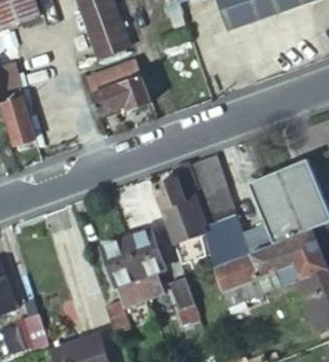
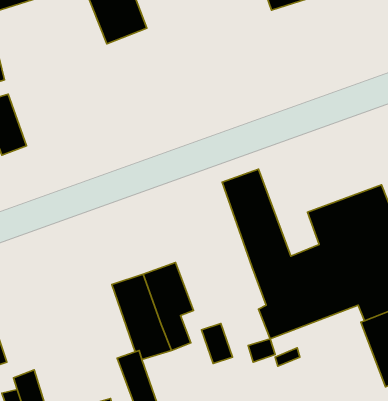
building: [85,59,150,114] -> none
building: [155,162,211,246] -> none

